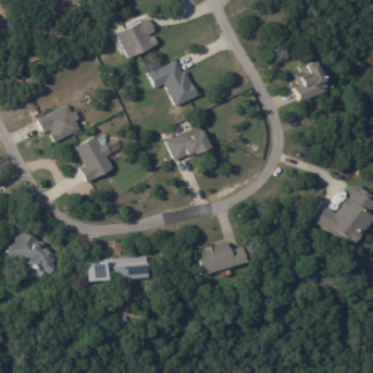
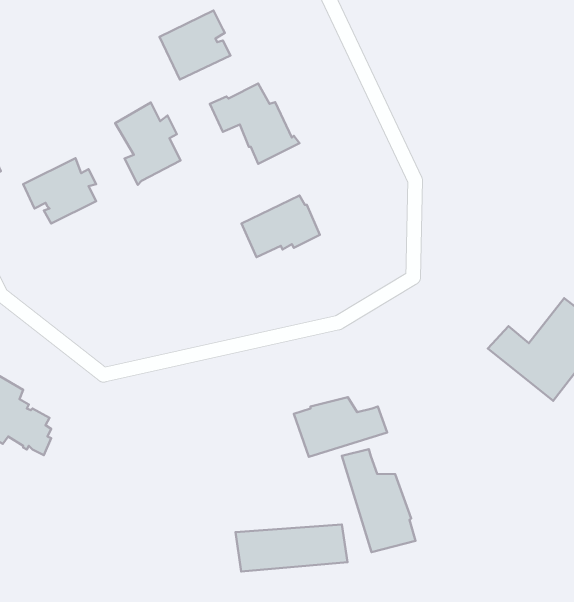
building: [296,61,332,101] -> none
building: [76,135,114,183] -> [115,103,181,185]
building: [84,257,149,284] -> [235,525,347,571]
building: none -> [342,449,416,552]

